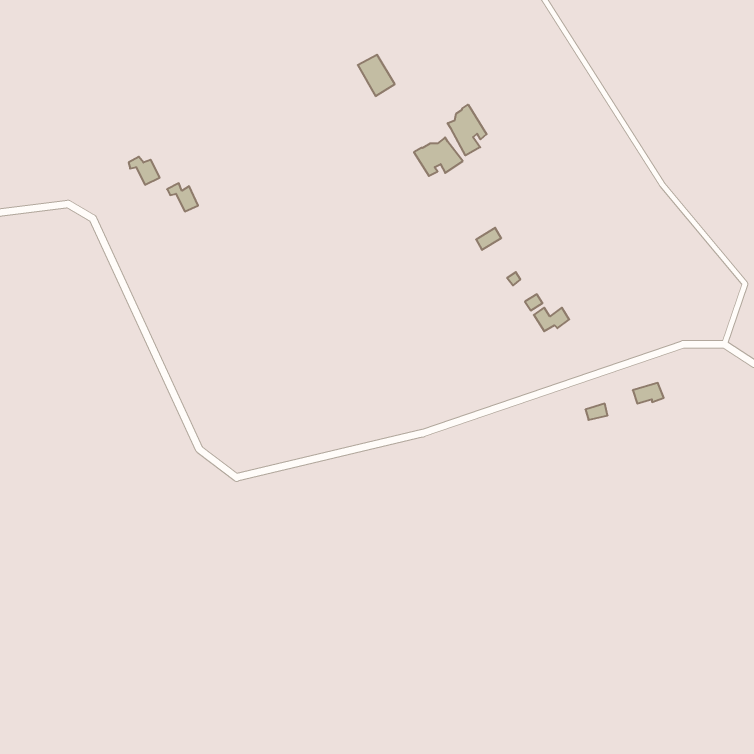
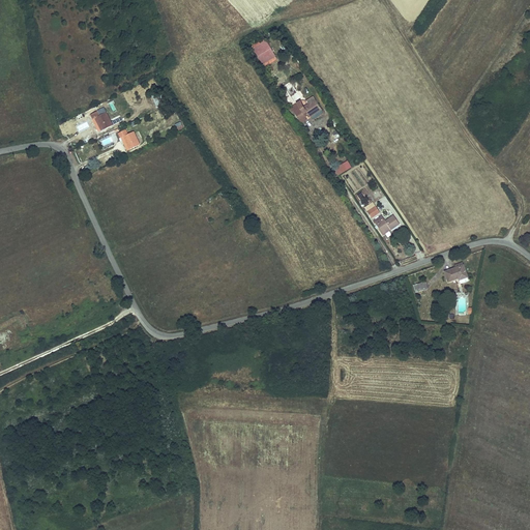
building: [448,105,487,155] -> none

